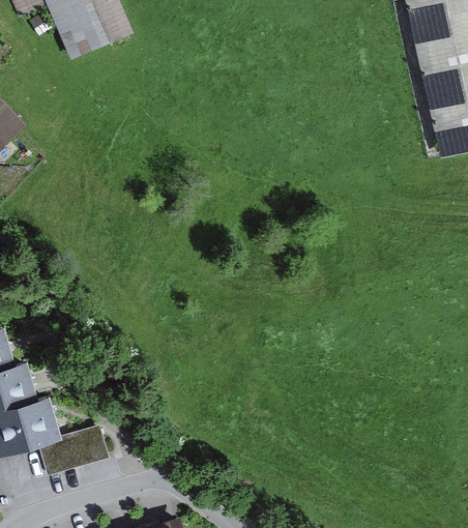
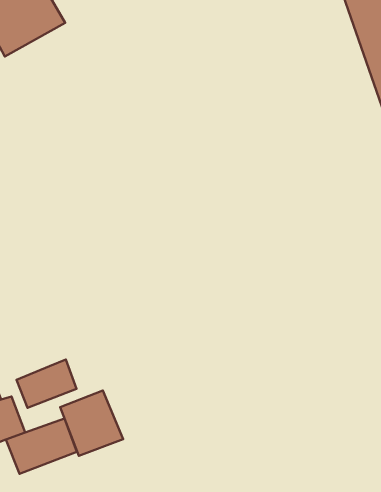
building: none -> [16,360,77,408]
building: none -> [60,391,123,456]

